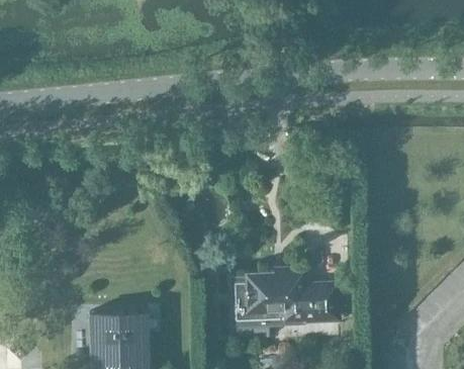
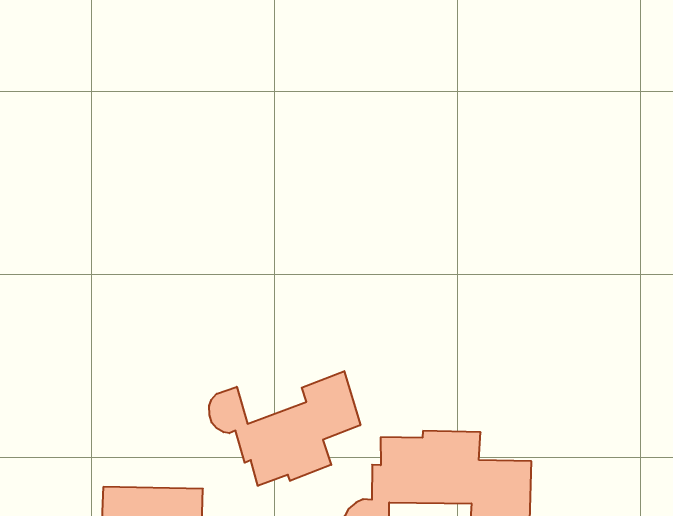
building: none -> [209,371,360,486]

